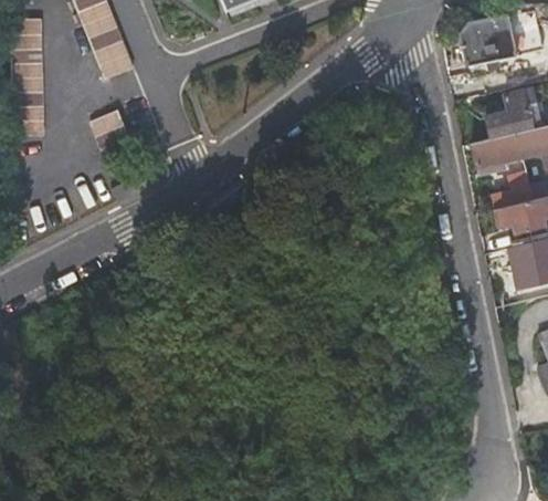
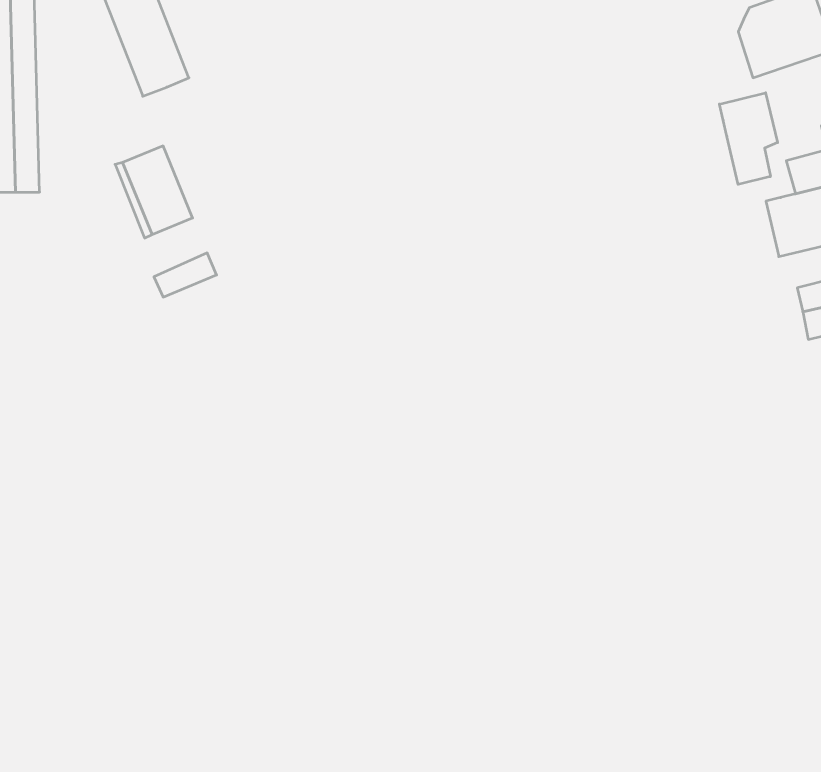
building: none -> [719,93,778,184]

